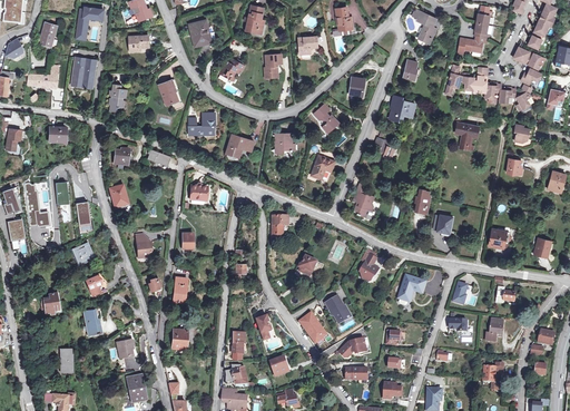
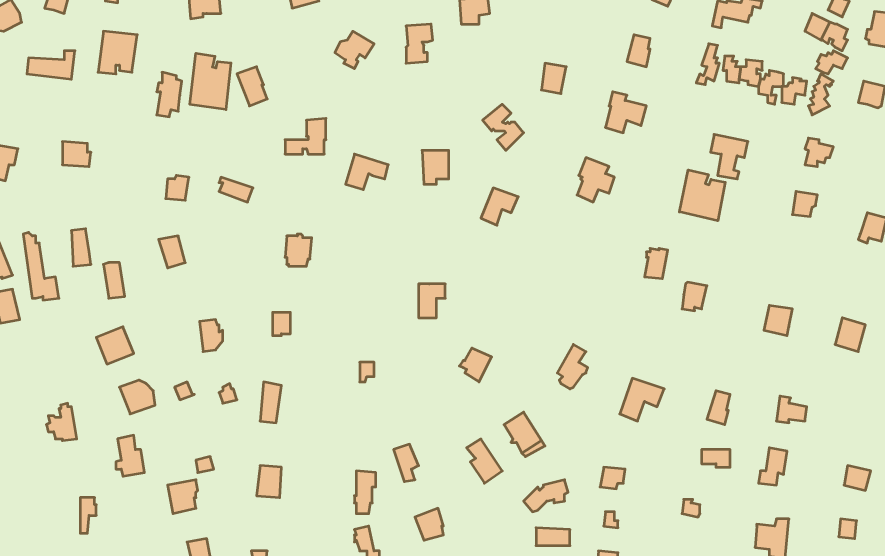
building: none -> [190,53,231,110]
building: none -> [679,170,725,221]
building: [353,182,375,216] -> none

